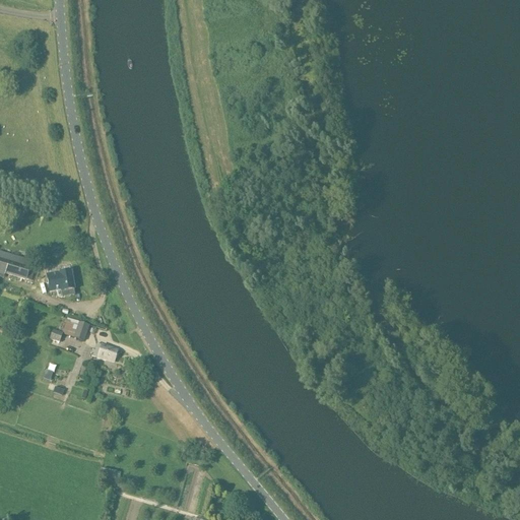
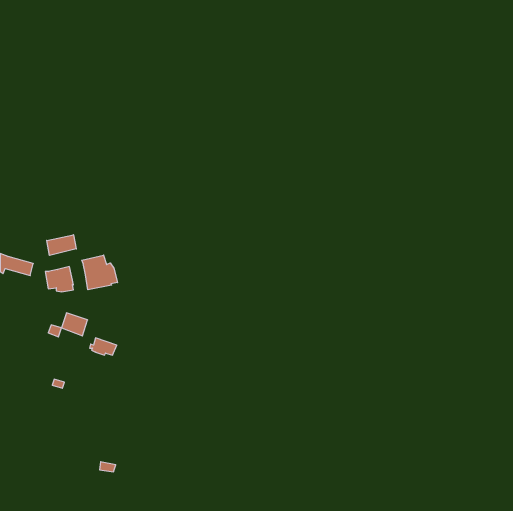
building: none -> [47,235,76,255]
building: none -> [82,255,117,290]

